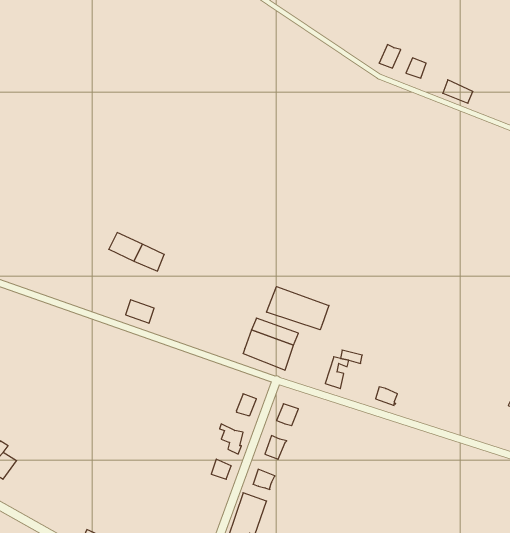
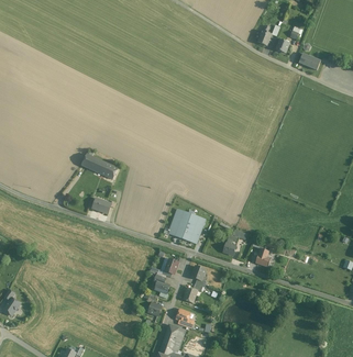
building: [267,287,329,330] -> none

